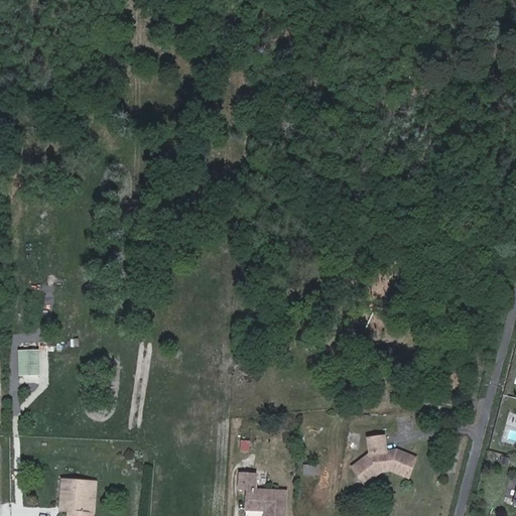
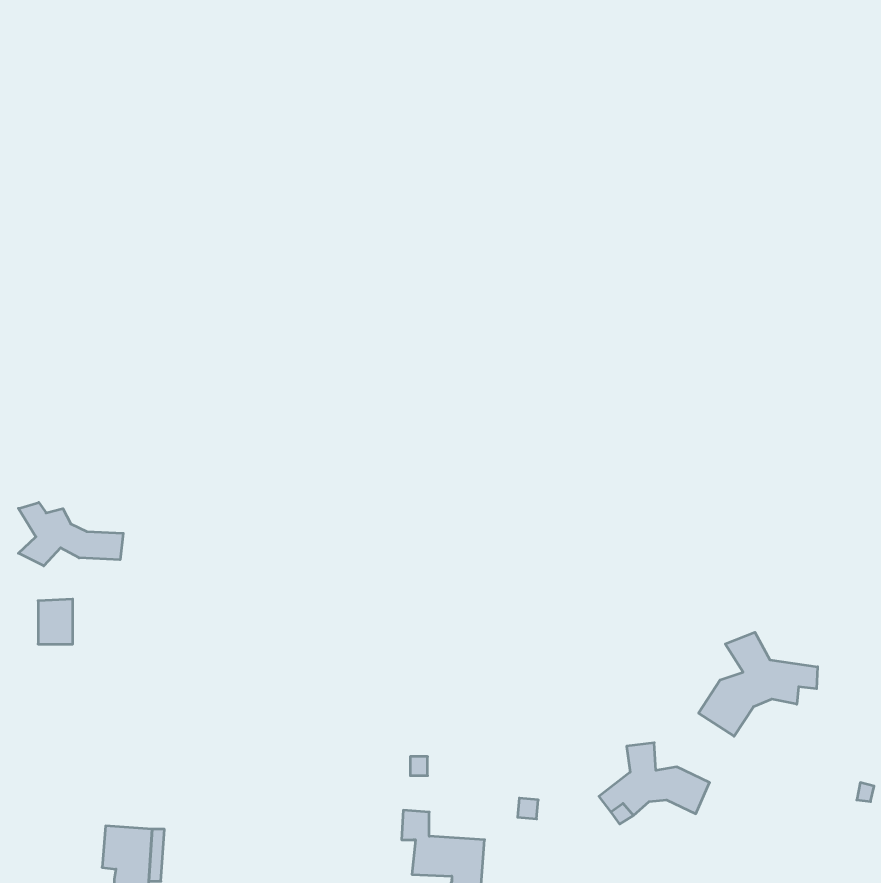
building: none -> [18,502,123,566]
building: none -> [699,632,818,736]

